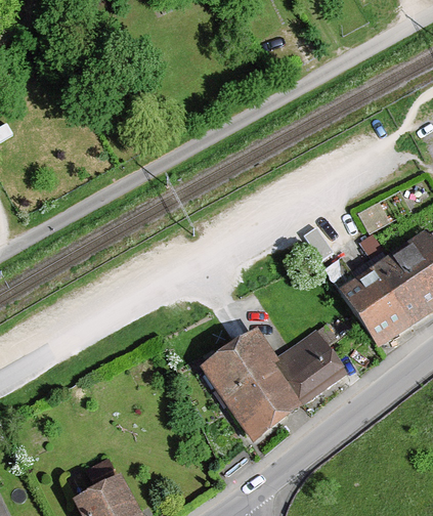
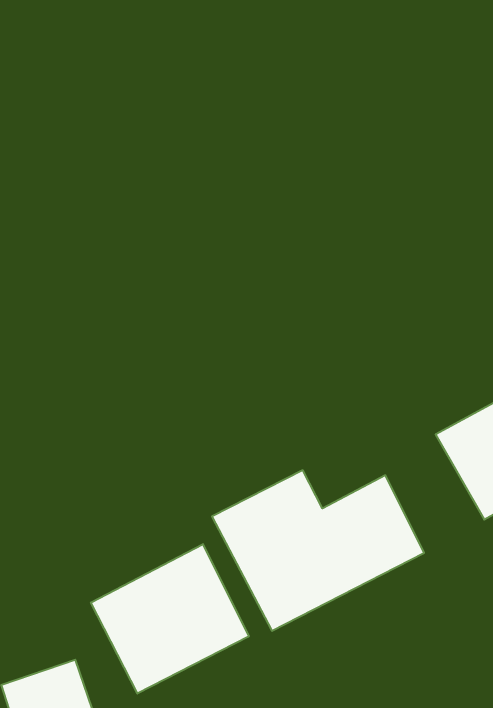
building: none -> [91,544,249,694]

